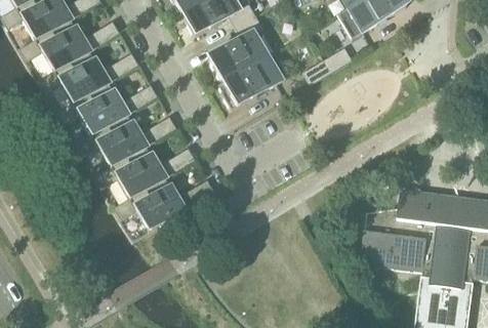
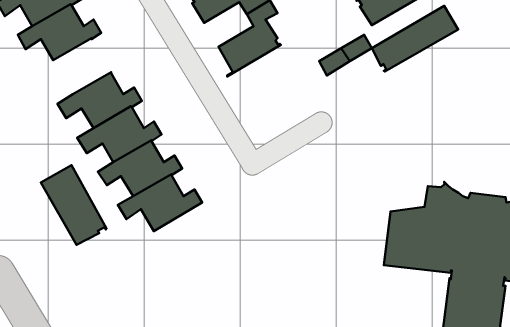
building: none -> [372,6,458,71]
building: [38,47,118,99] -> none
building: [216,53,281,107] -> none
building: none -> [41,165,106,245]

